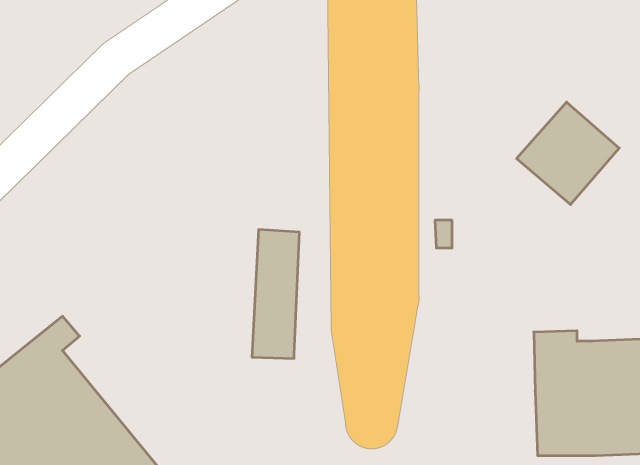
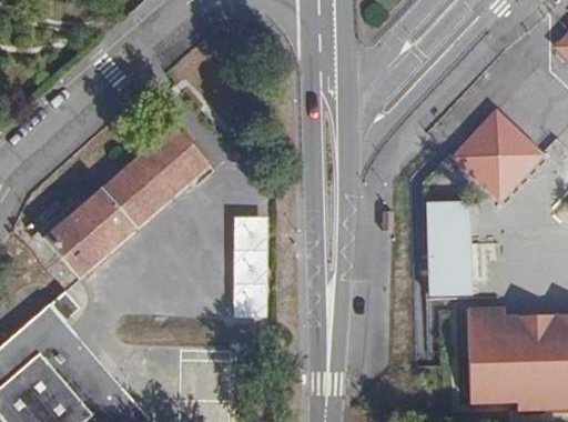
building: none -> [52,123,219,284]
building: none -> [425,200,471,294]

